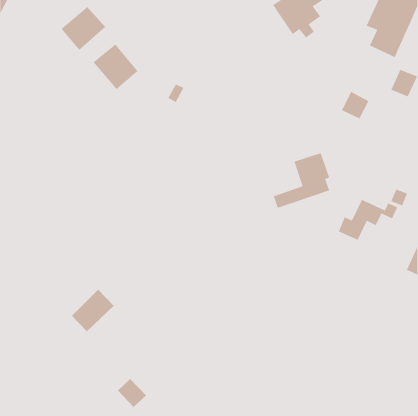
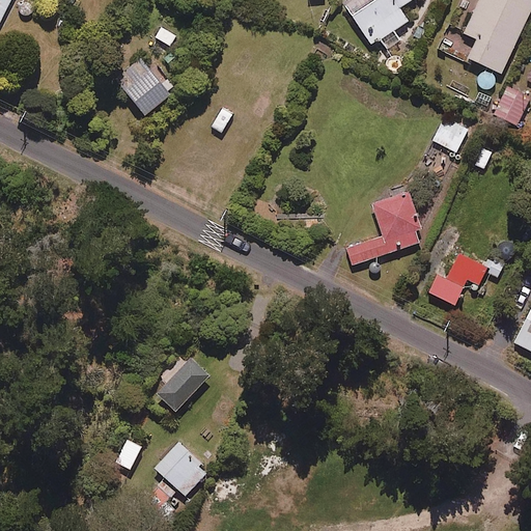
building: [60,6,106,51] -> none
building: [71,289,115,332] -> [157,356,212,411]
building: none -> [156,442,209,495]

